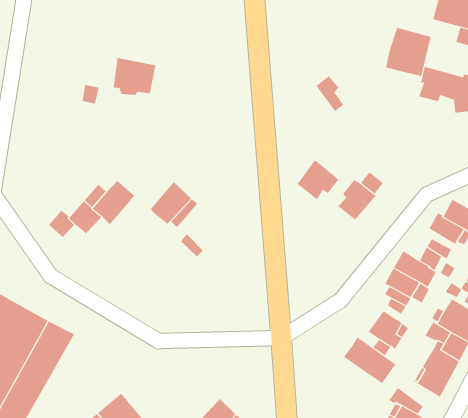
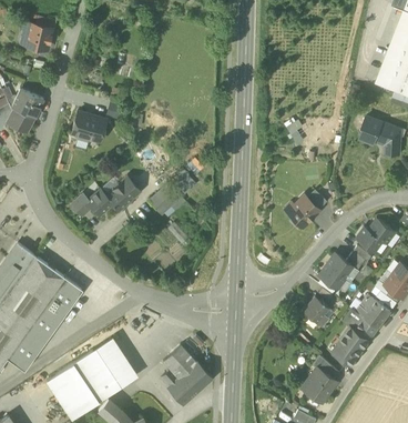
building: [385,27,431,77] -> none
building: [113,58,156,95] -> [71,111,105,141]
building: [297,159,339,200] -> none
building: [344,336,396,384] -> none

